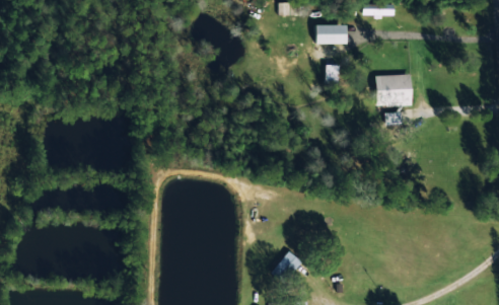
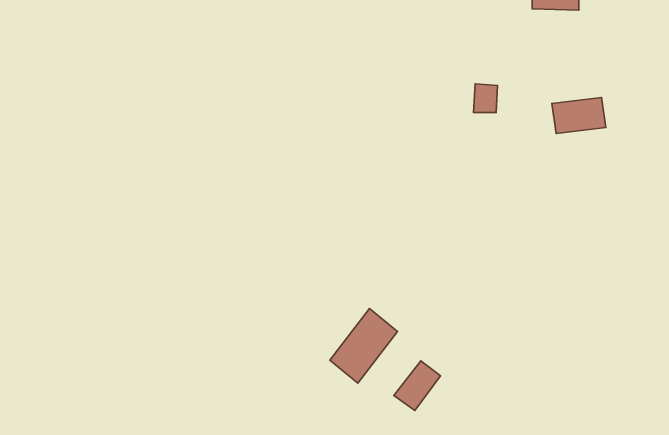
building: [315,24,348,44] -> none
building: none -> [330,309,398,383]

